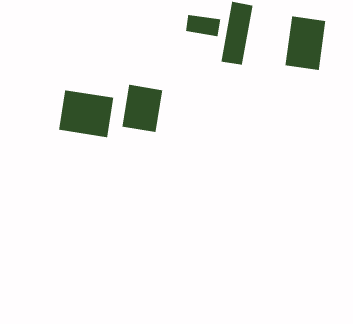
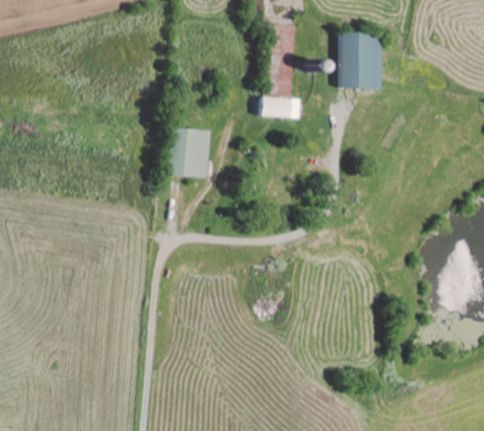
building: [185,14,221,37] -> [262,97,299,119]
building: [58,89,114,138] -> none

